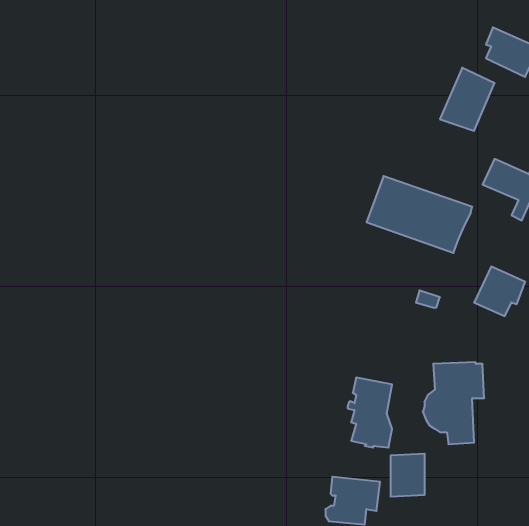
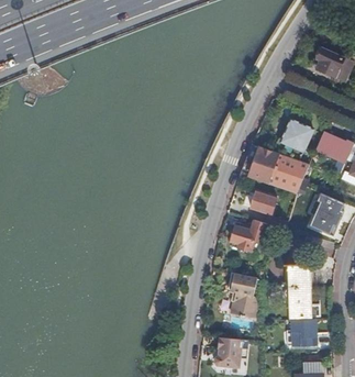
building: [440,68,495,131] -> [277,119,312,159]
building: none -> [243,190,276,213]
building: none -> [231,219,267,251]
building: [391,454,425,497] -> [293,318,315,345]

